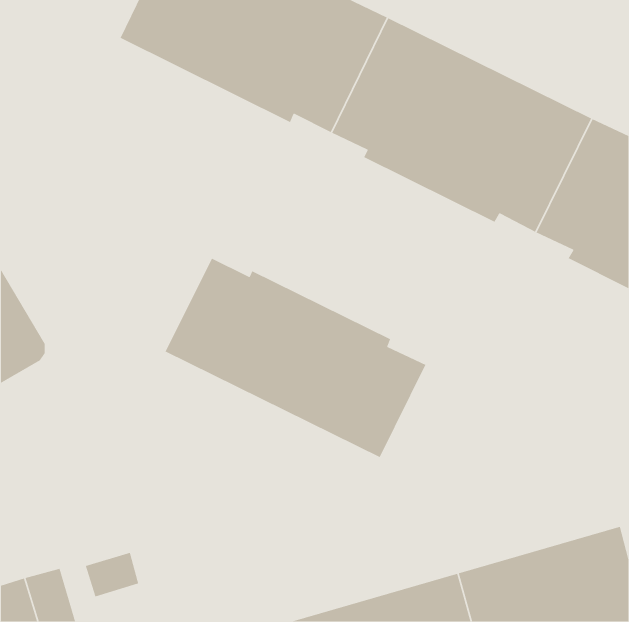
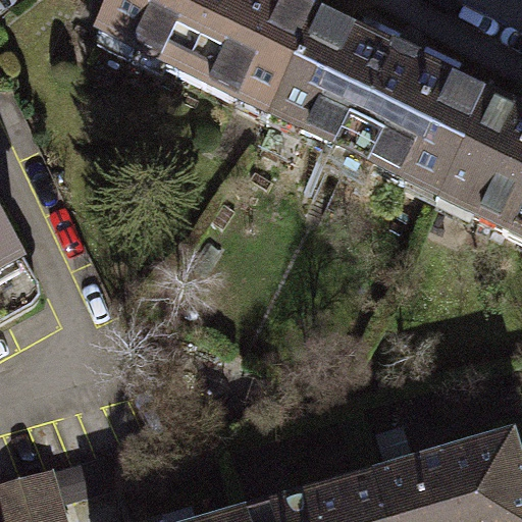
building: [165,257,426,458] -> none

